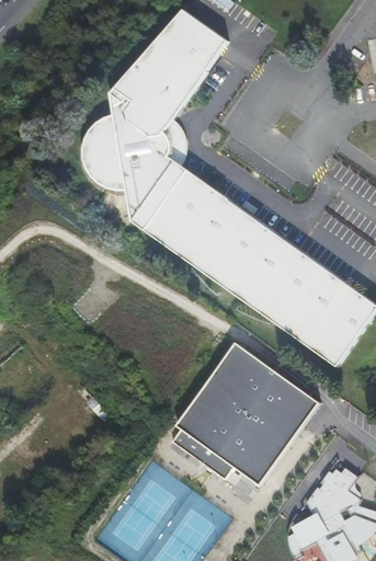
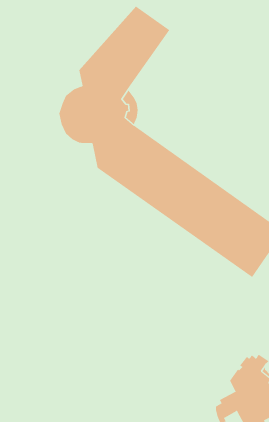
building: [171,342,319,484] -> none

